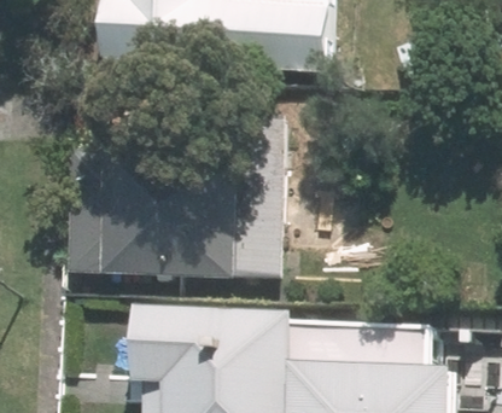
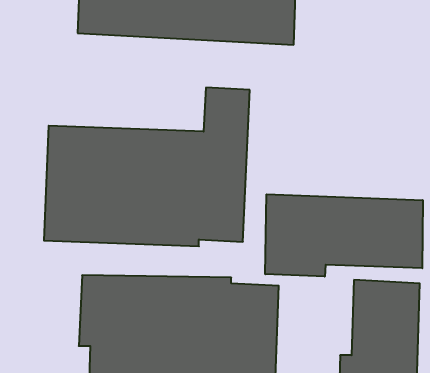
building: none -> [265,194,423,277]

